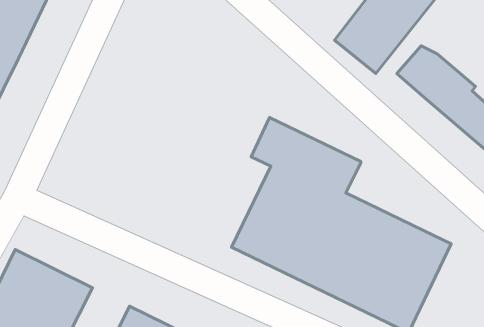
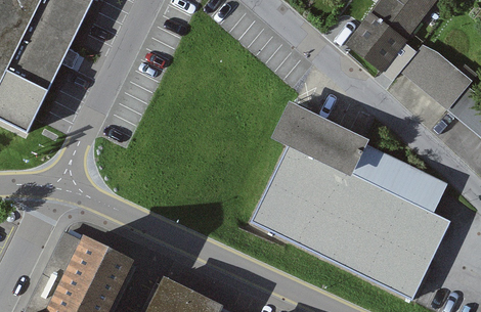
building: none -> [356,149,447,214]

